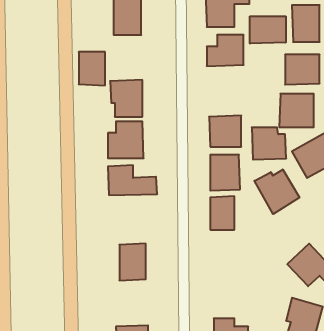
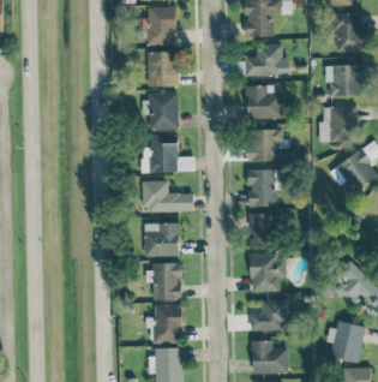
building: [250,16,286,44] -> none
building: [79,52,105,85] -> [148,52,175,86]
building: [252,127,286,160] -> [246,85,282,119]
building: [254,169,299,214] -> none
building: none -> [144,222,181,256]
building: none -> [250,255,286,292]
building: none -> [251,300,289,330]
building: none -> [145,304,182,342]

